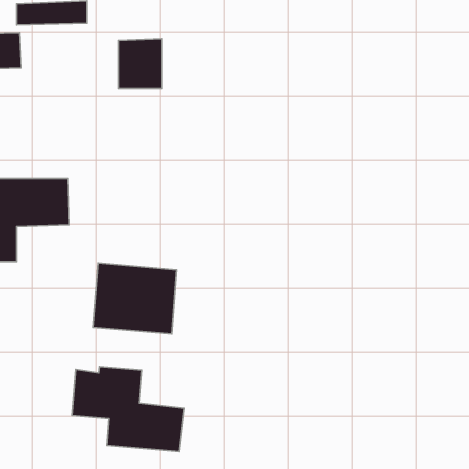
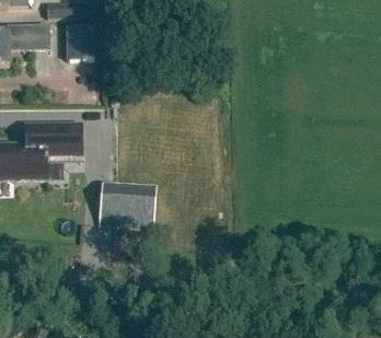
building: [119,39,162,88] -> [68,26,97,60]
building: [72,367,184,451] -> none

